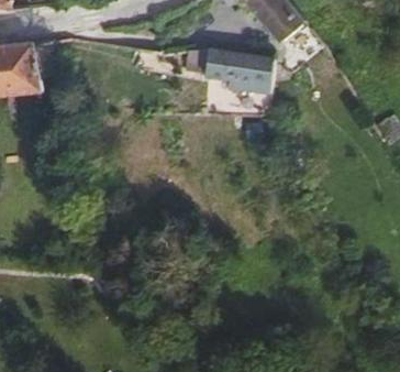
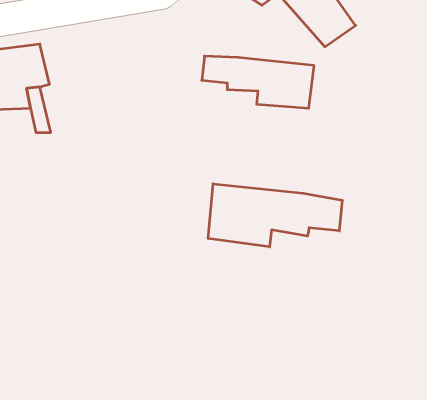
building: none -> [208,184,342,247]

